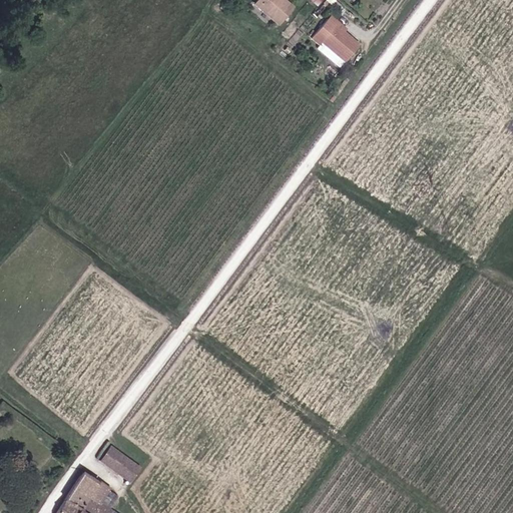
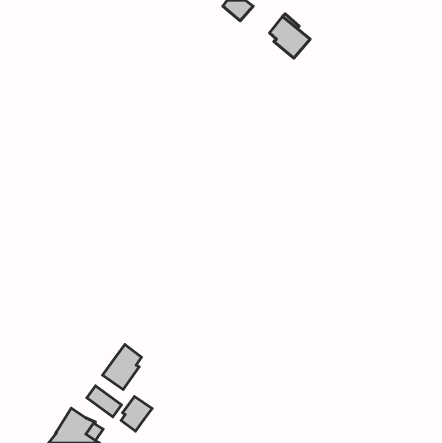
building: none -> [102,344,142,389]
building: none -> [121,396,152,431]

